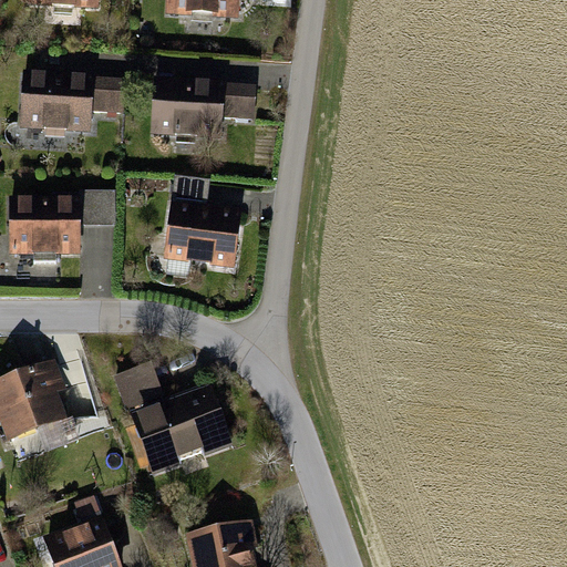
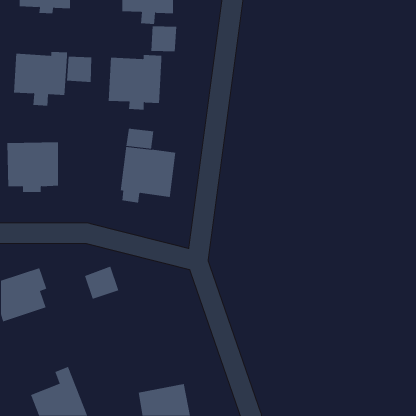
building: [219,81,256,116] -> [150,26,177,52]
building: [81,193,115,227] -> none
building: [131,384,235,480] -> none

